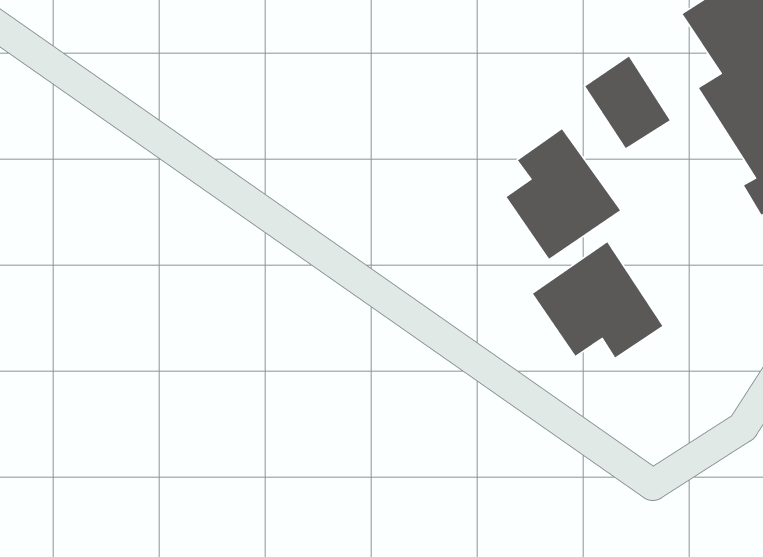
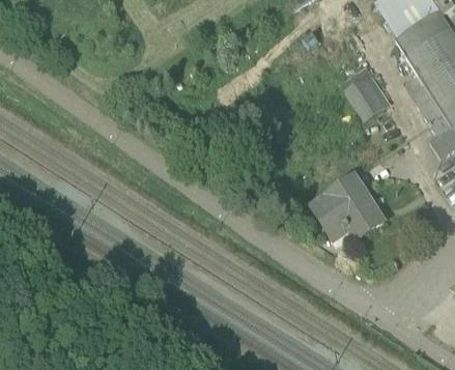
building: [506,128,621,260] -> none

